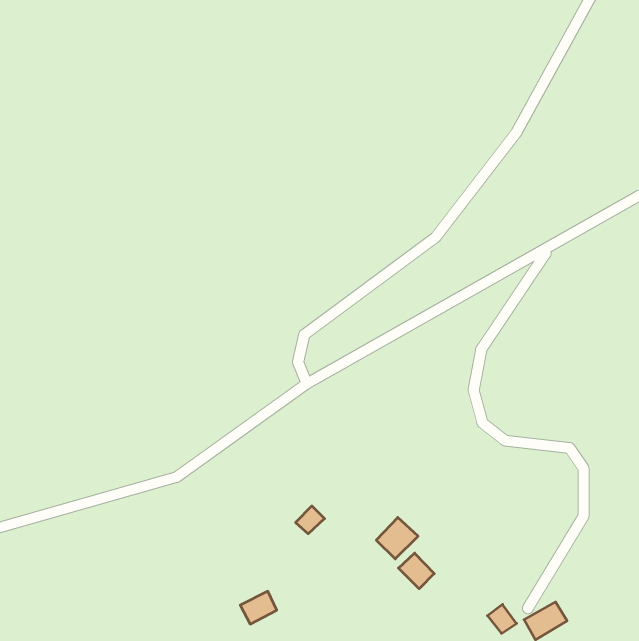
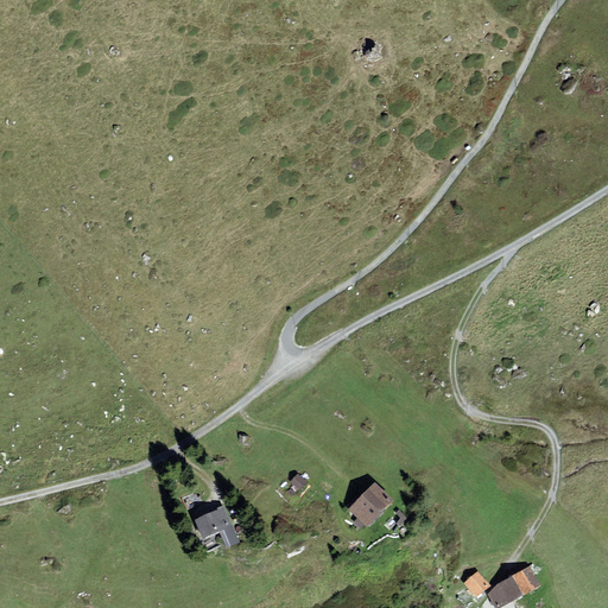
building: [398,553,434,589] -> none
building: [240,591,277,624] -> [196,507,230,538]

